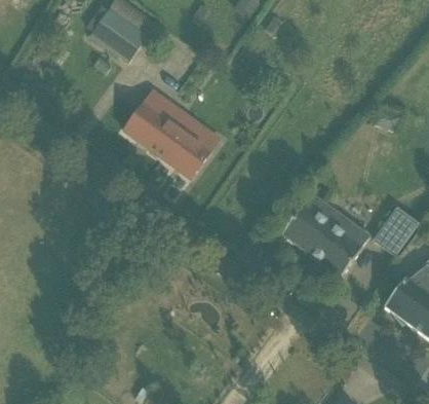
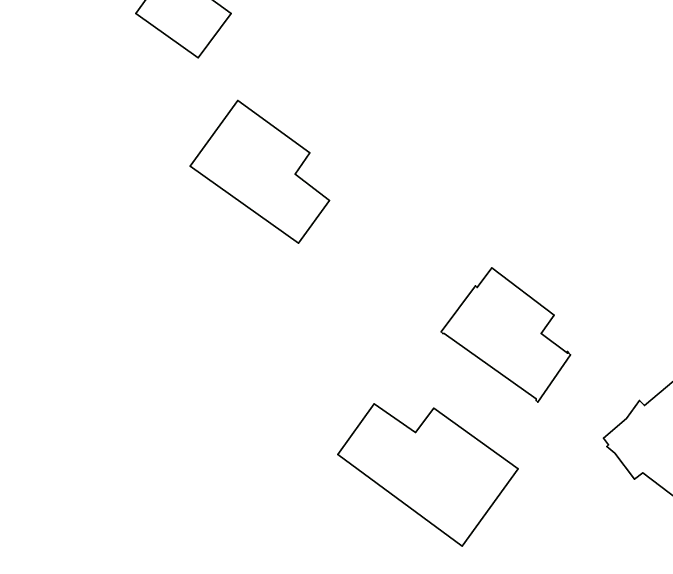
building: [373,207,420,256] -> none
building: none -> [338,404,518,546]

